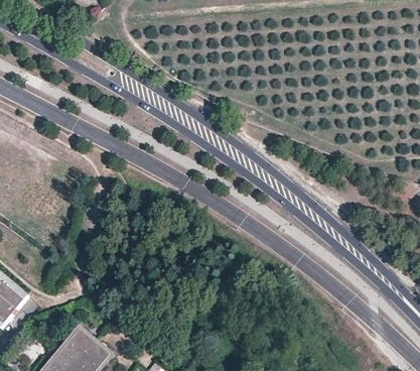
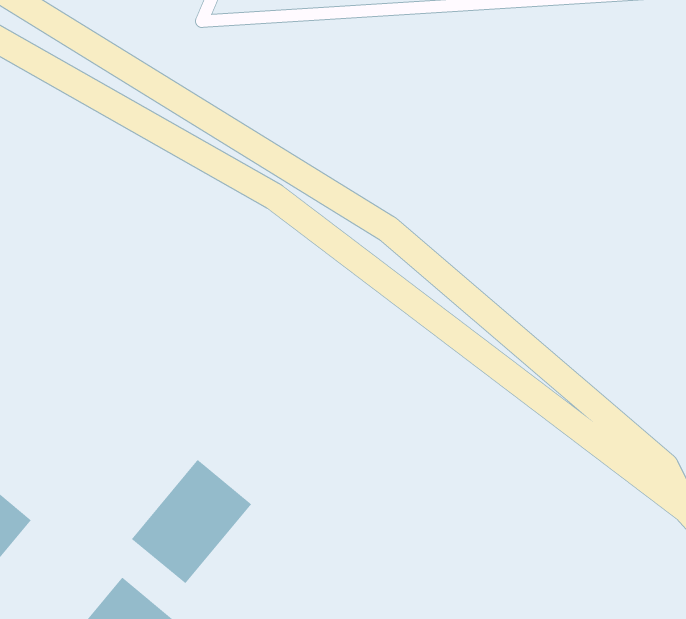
building: none -> [131,459,252,584]

